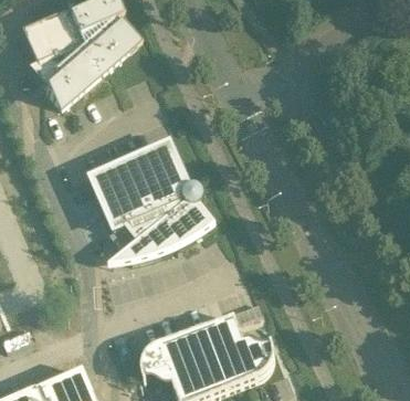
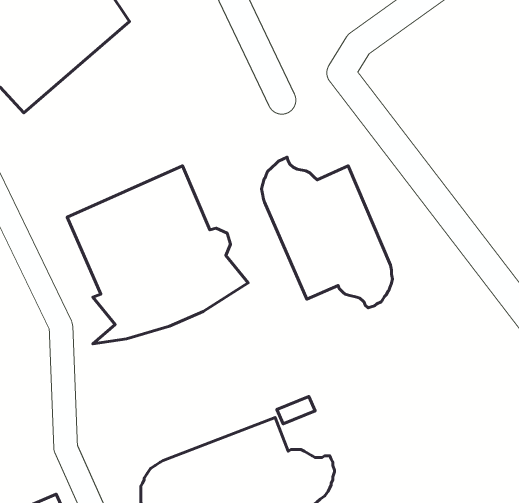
building: none -> [262,157,392,308]

